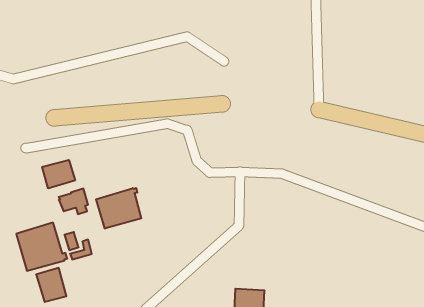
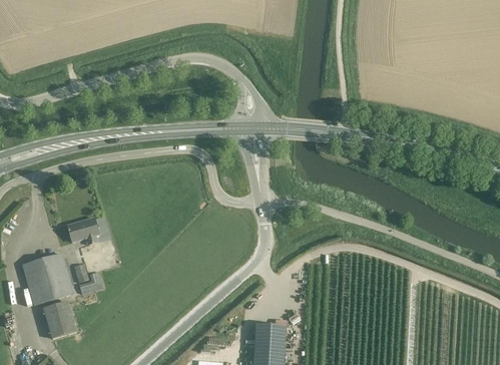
building: [42,160,75,188] -> none
building: [96,188,141,229] -> none

